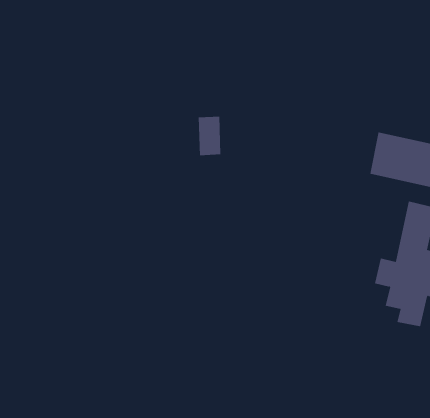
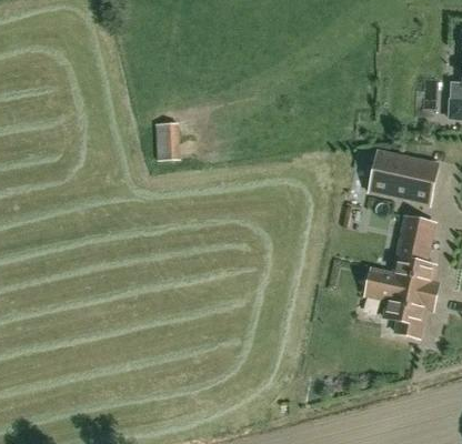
building: [198,116,221,156] -> [157,122,179,160]

